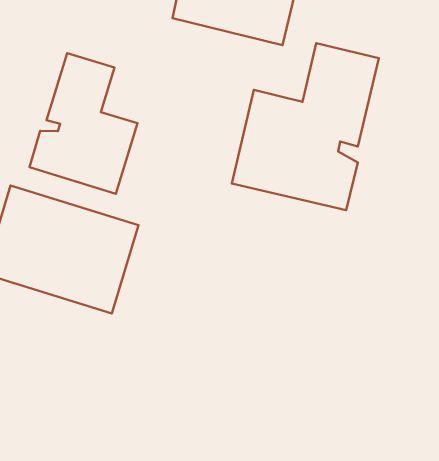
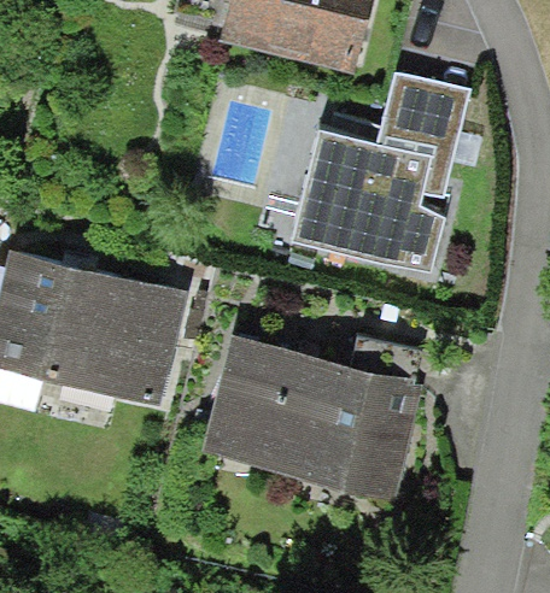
building: [30,53,138,194] -> none
building: none -> [210,337,393,482]

